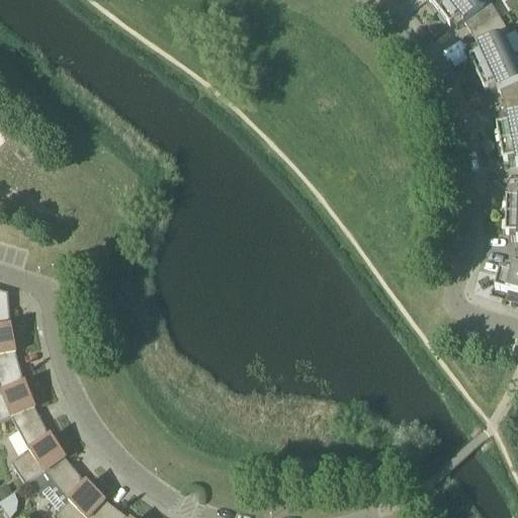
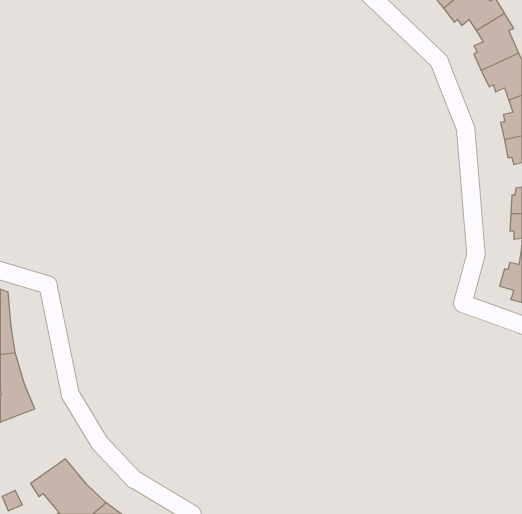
building: [11,405,65,482] -> none

